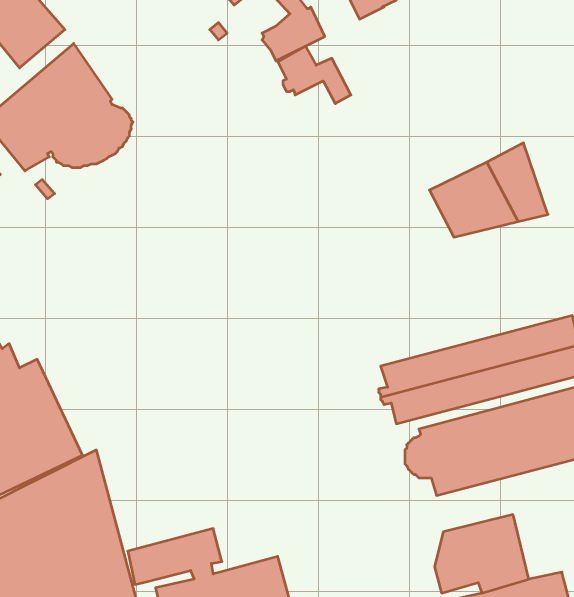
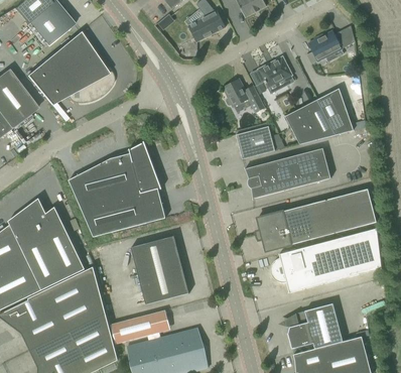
building: none -> [308,25,356,60]
building: [278,46,351,104] -> [223,79,265,112]
building: none -> [258,56,293,92]
building: none -> [235,122,275,159]
building: none -> [69,141,165,237]
building: none -> [245,148,331,199]
building: none -> [131,236,188,304]

